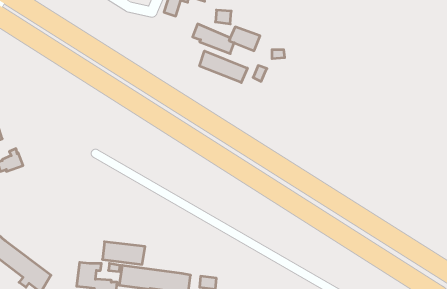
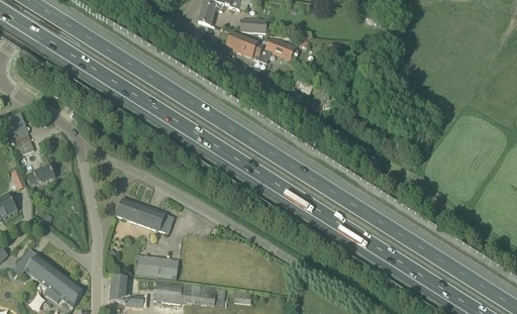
building: [200,51,247,83] -> none
building: none -> [116,201,174,236]

